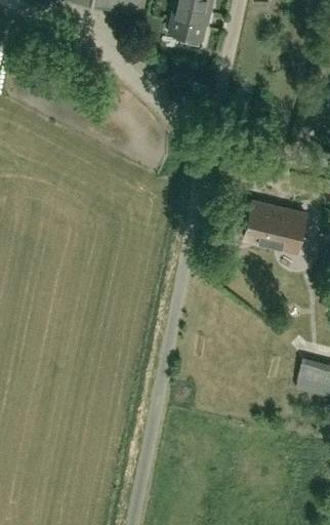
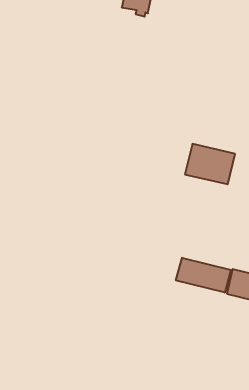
building: none -> [176,258,231,293]

